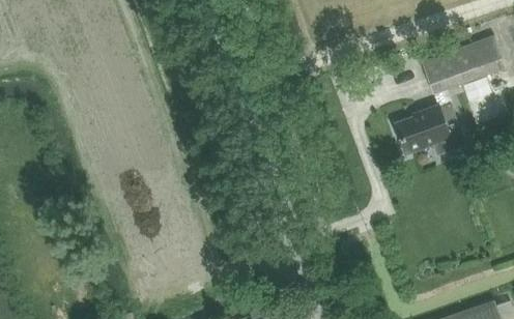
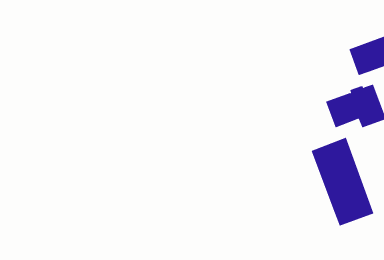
building: none -> [311,137,374,227]

